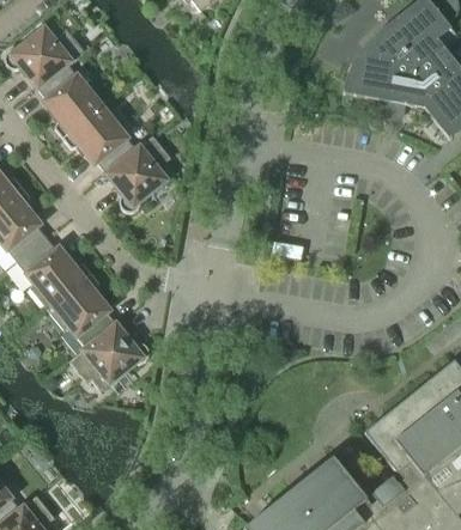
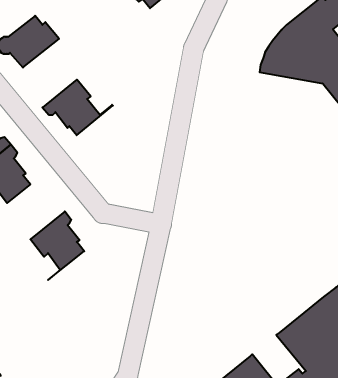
building: [37,50,107,139] -> none
building: [107,136,175,213] -> none
building: [17,238,91,309] -> none
building: [69,324,148,391] -> none

